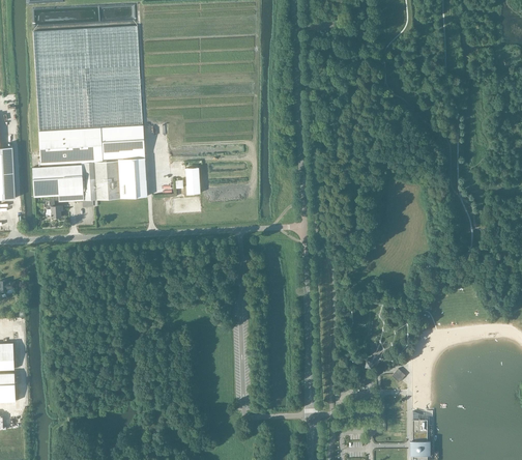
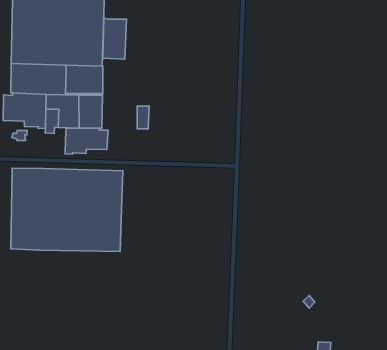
building: none -> [103,18,127,59]
building: none -> [65,128,108,154]
building: none -> [11,168,123,252]

